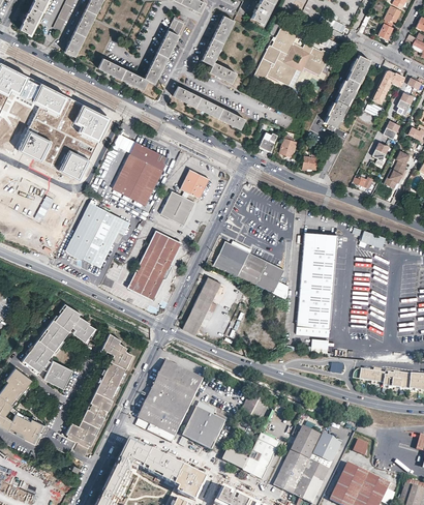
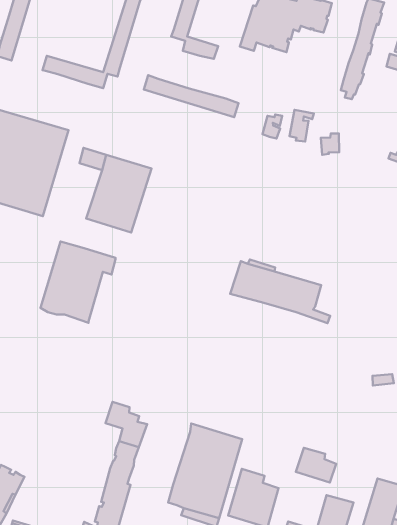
building: [160,170,209,226] -> none
building: [127,230,182,300] -> none
building: [297,233,337,337] -> none
building: [182,277,220,335] -> none
building: [21,305,95,375] -> none
building: [43,361,72,389] -> none

